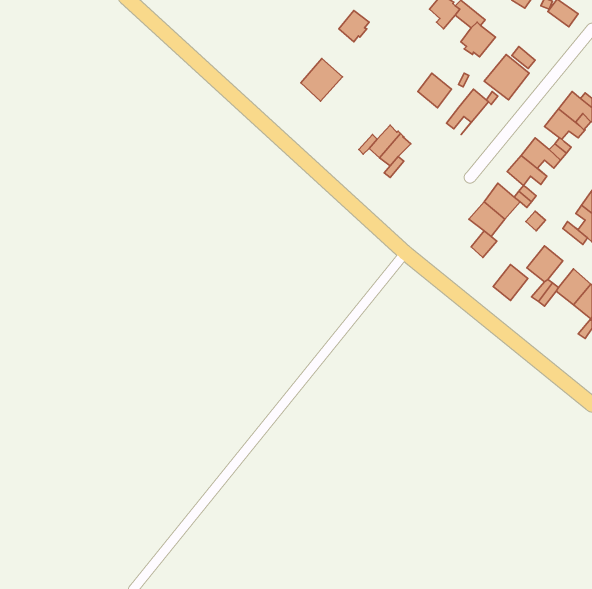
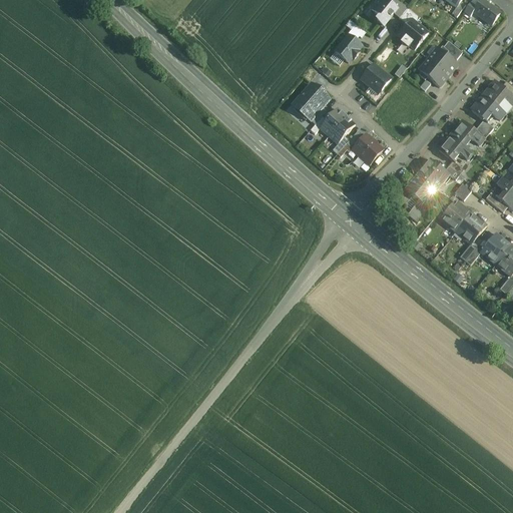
building: [339,10,369,42] -> [335,35,361,62]
building: [301,58,343,101] -> [293,83,329,120]
building: [446,89,488,135] -> none
building: none -> [352,134,382,163]
building: [493,265,528,301] -> [440,200,470,231]

